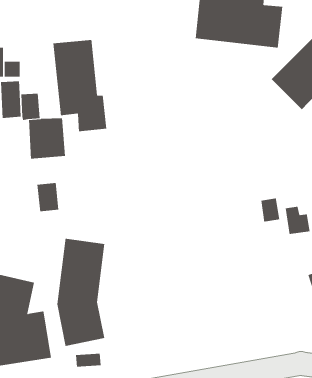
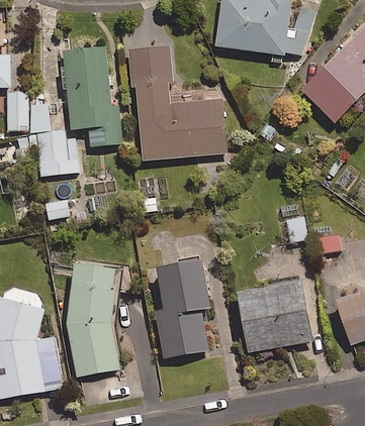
building: none -> [128,47,226,161]
building: none -> [156,259,210,357]
building: none -> [239,280,312,351]

